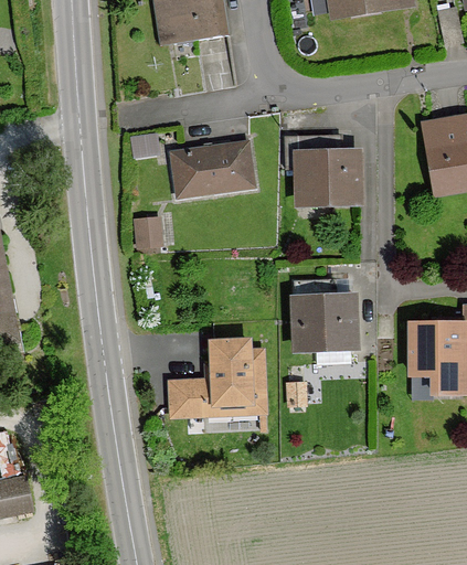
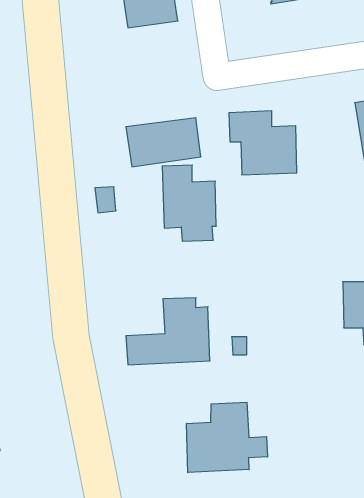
building: [293,279,352,363] -> [162,165,216,241]
building: none -> [187,402,268,473]

